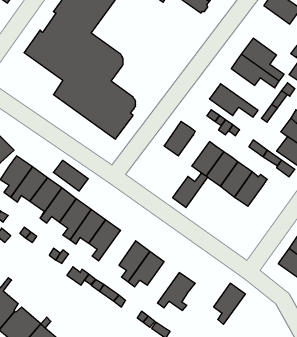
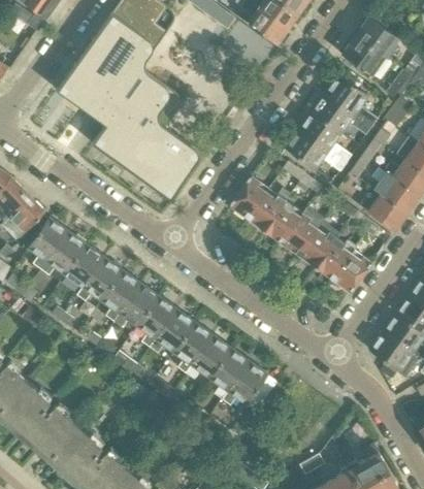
building: none -> [343,34,385,76]
building: none -> [299,111,352,163]
building: [53,160,88,191] -> none
building: [173,173,208,208] -> [248,189,291,231]
building: none -> [333,254,372,293]
building: none -> [150,311,195,354]
building: [214,283,245,324] -> [209,349,249,399]

